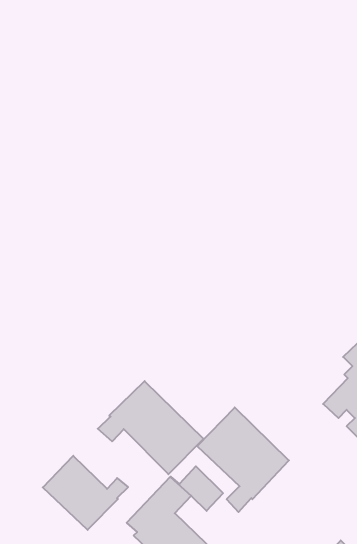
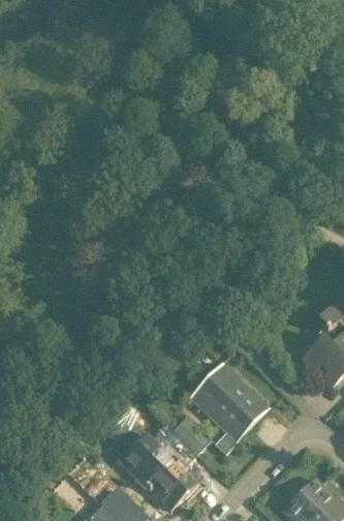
building: [98,381,204,474] -> none
building: [43,456,128,530] -> none

